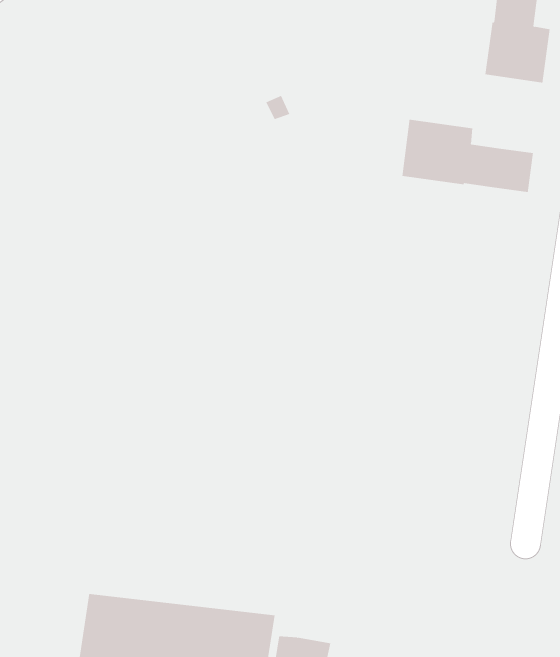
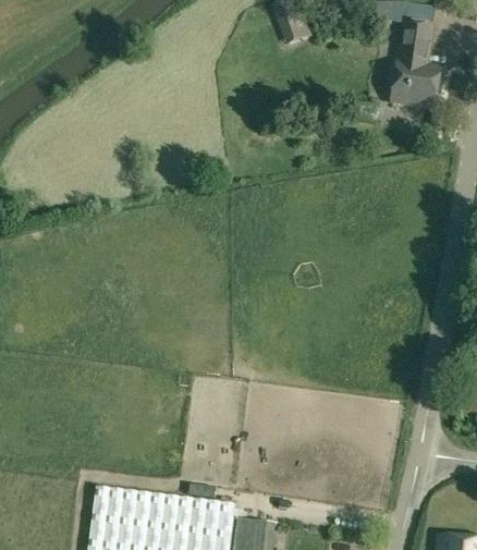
building: [402,119,533,193] -> none

